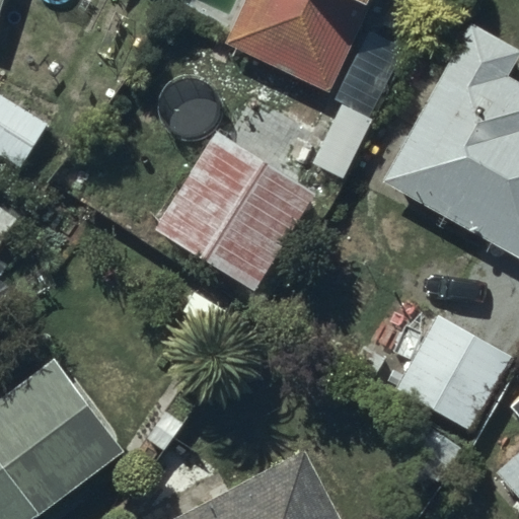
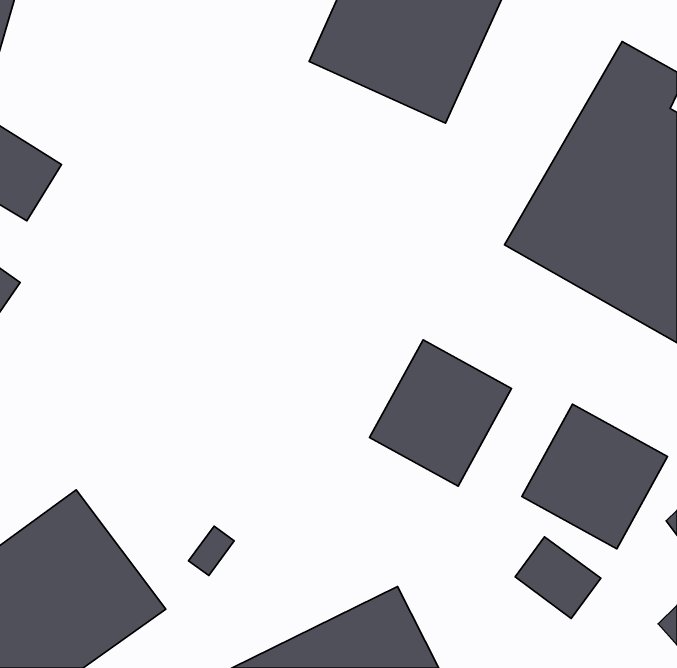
building: [158,136,317,294] -> none
building: none -> [370,340,512,486]

